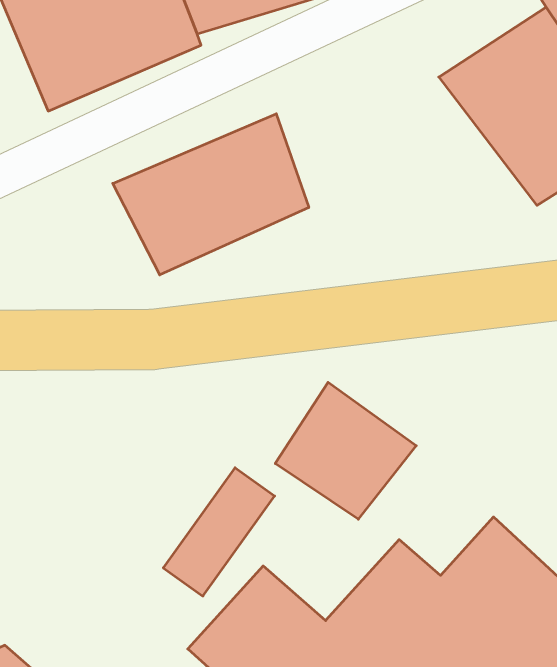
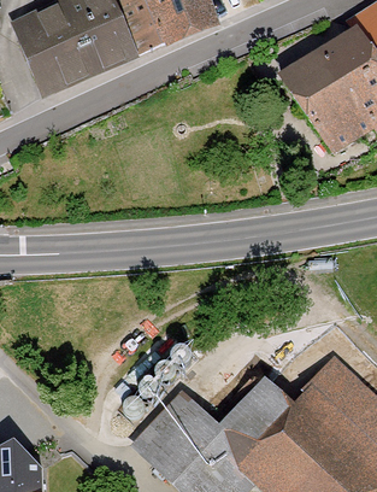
building: [113,114,309,275] -> none
building: [275,382,416,519] -> none

